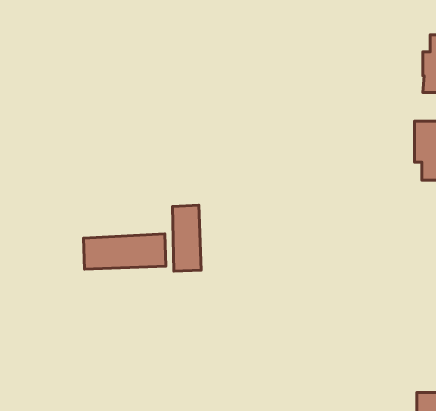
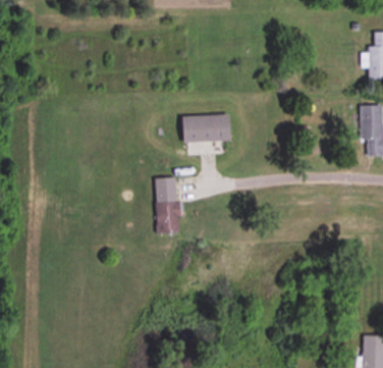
building: none -> [182,114,229,142]
building: [84,234,166,269] -> none

